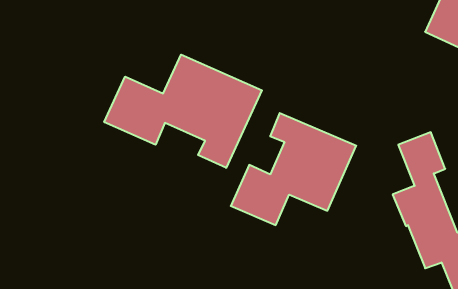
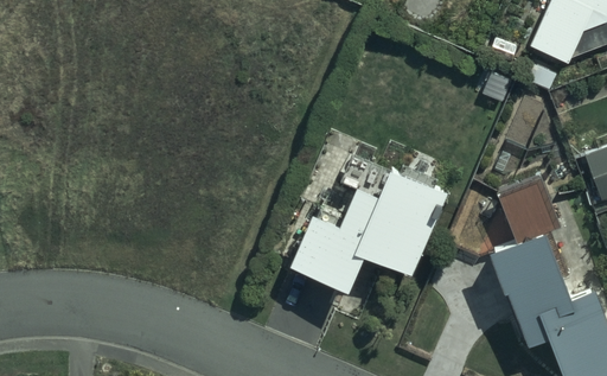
building: [104,55,262,168] -> none

